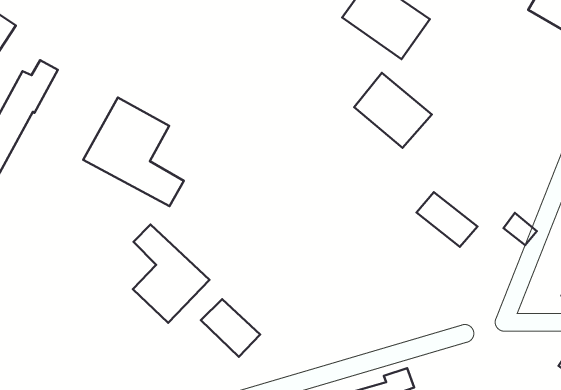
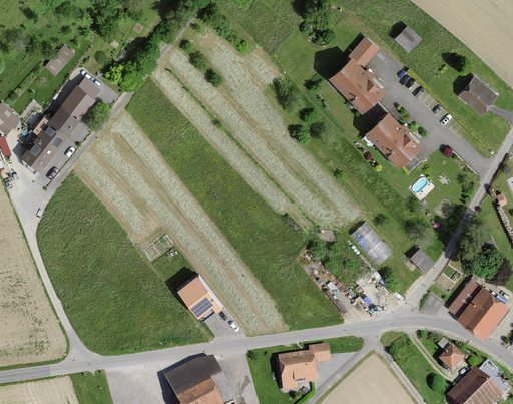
building: [354,73,432,148] -> [361,110,417,167]
building: [83,98,184,206] -> none
building: [133,224,210,323] -> none

